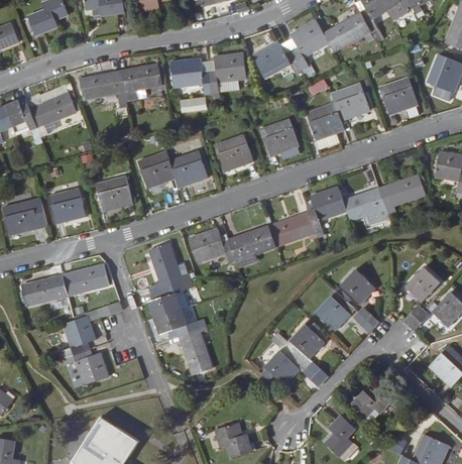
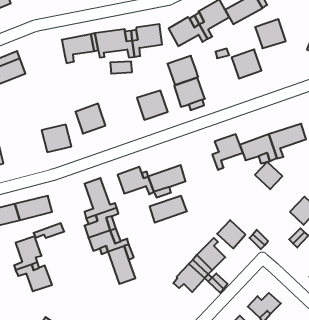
building: [80,71,124,98] -> none
building: [378,77,417,113] -> [255,19,286,48]
building: [306,102,344,138] -> [167,56,198,85]
building: [168,150,207,186] -> none
building: [48,188,86,223] -> none
building: [268,214,315,247] -> [150,196,187,223]
building: [340,269,374,304] -> [255,162,282,189]

